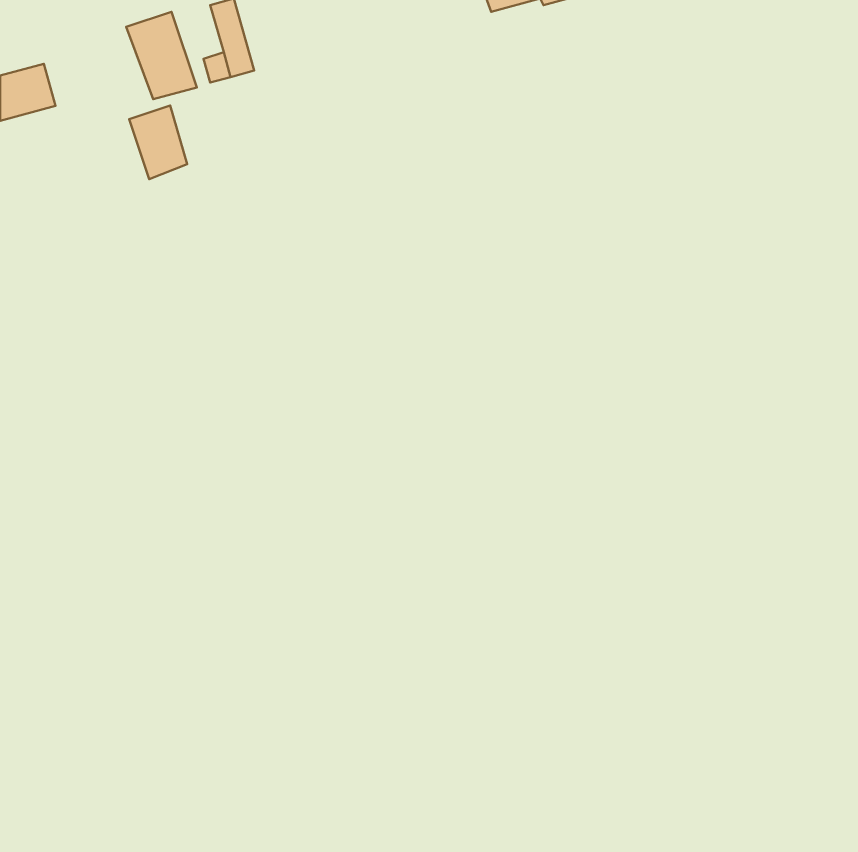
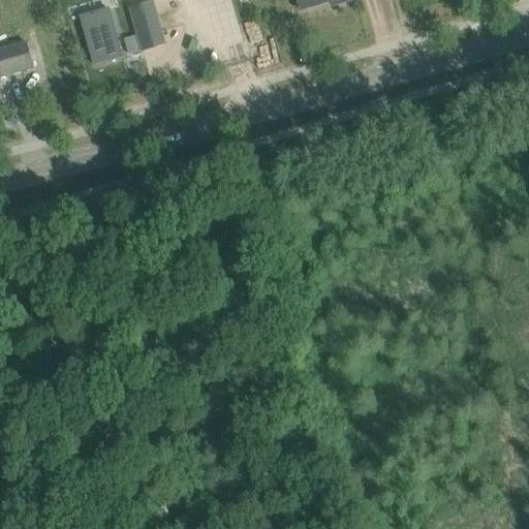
building: [129,105,187,179] -> none

